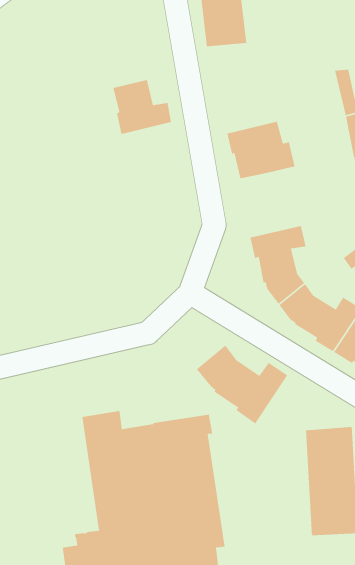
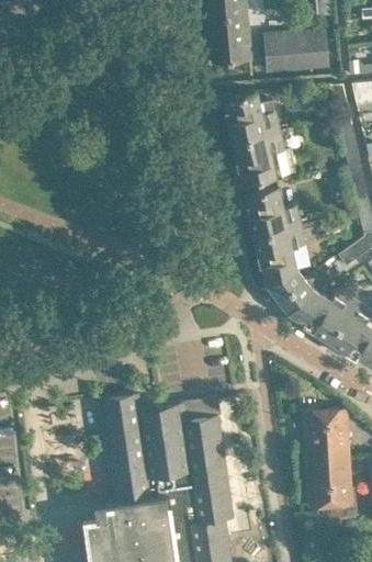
building: none -> [266,33,327,72]
building: [112,79,172,135] -> [225,93,279,144]
building: none -> [247,188,301,238]
building: [196,345,288,424] -> none

